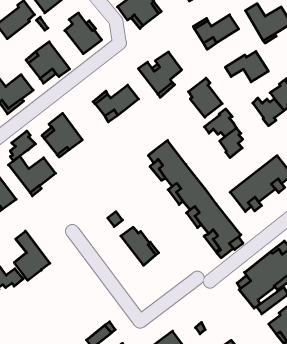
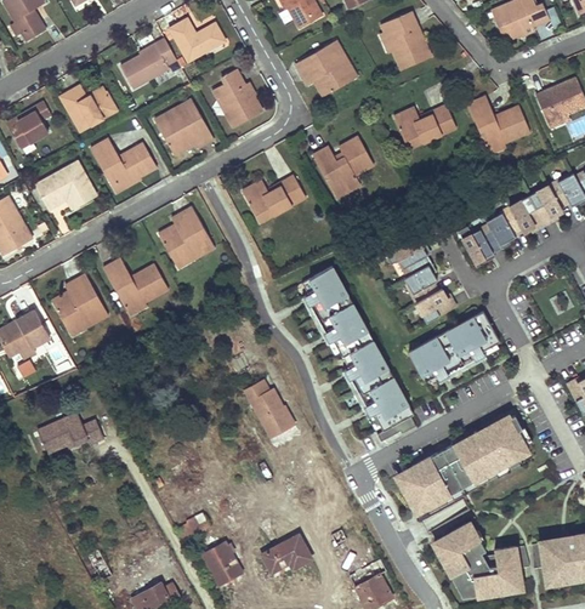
building: [225,51,268,82] -> none
building: [188,78,222,117] -> none
building: [10,131,36,161] -> none
building: none -> [416,289,456,323]
building: [14,231,50,280] -> none

